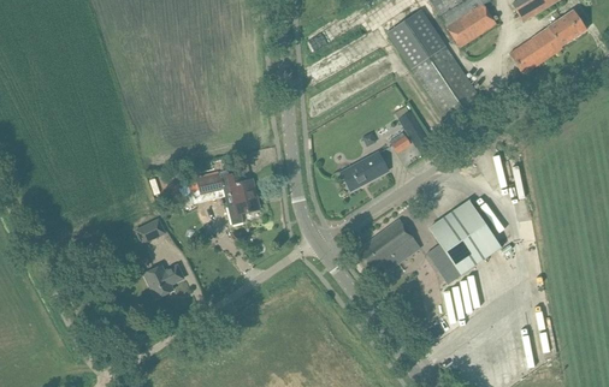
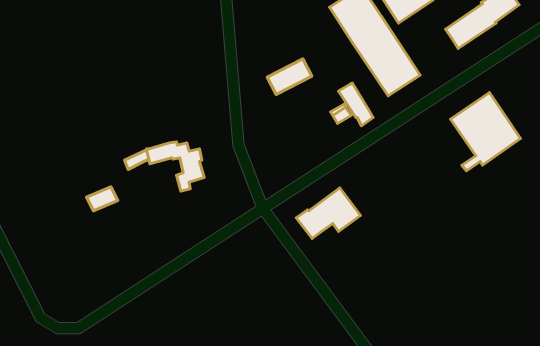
building: [341,151,388,189] -> [267,59,312,95]
building: [427,198,501,280] -> [450,93,521,171]
building: [144,263,183,297] -> none

